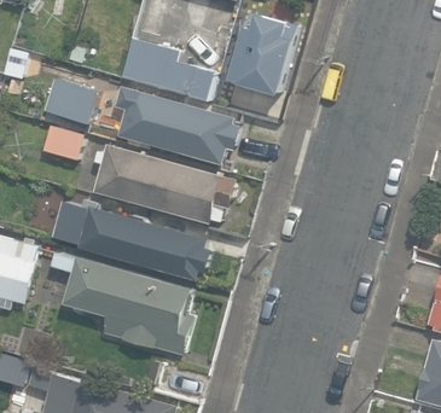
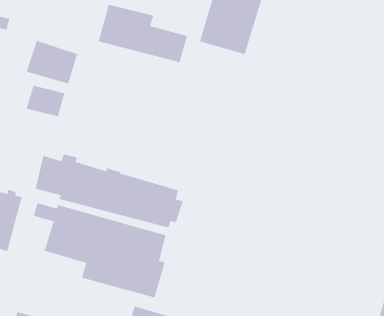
building: [117,88,240,167] -> none
building: [93,144,237,225] -> none

